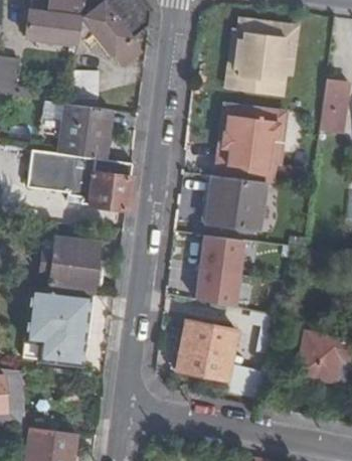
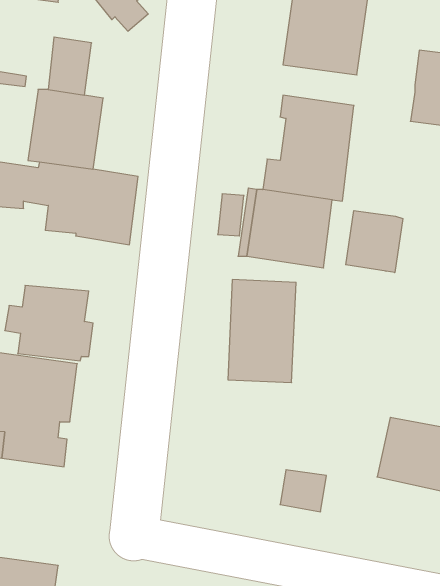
building: none -> [346,211,403,273]
building: [178,320,237,379] -> none

